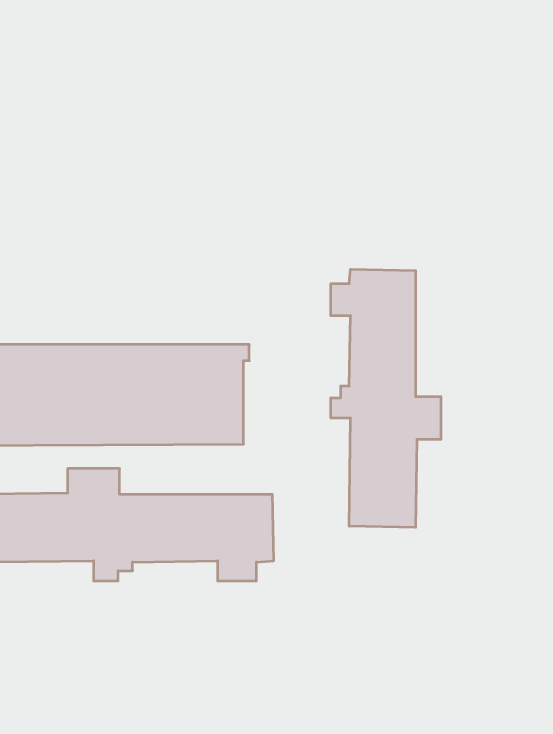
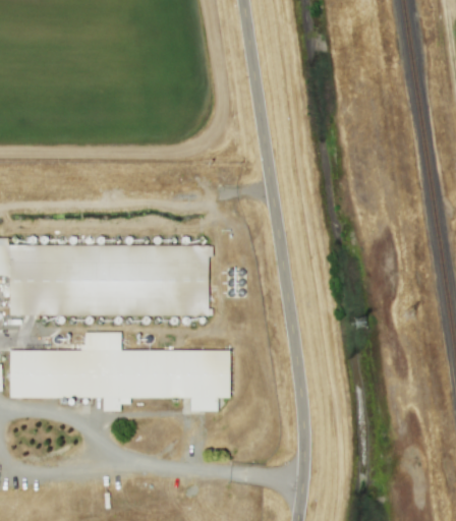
building: [331,269,441,527] -> none

